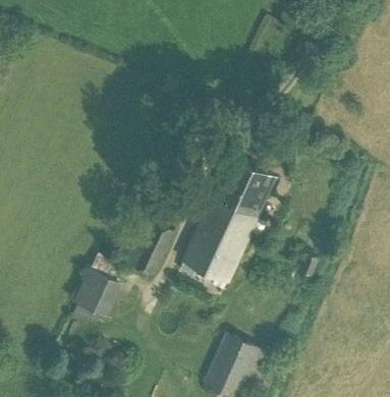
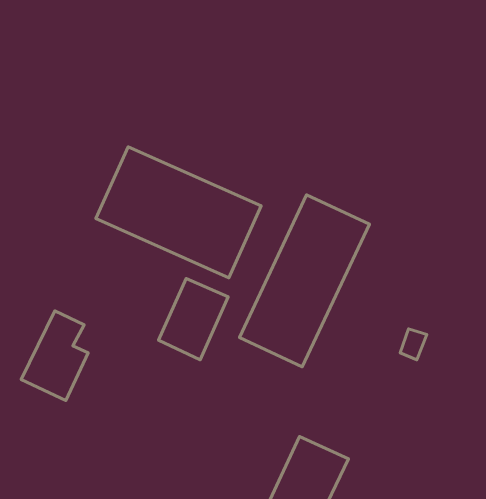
building: none -> [96,147,261,278]
building: [72,256,121,321] -> [21,311,88,400]

